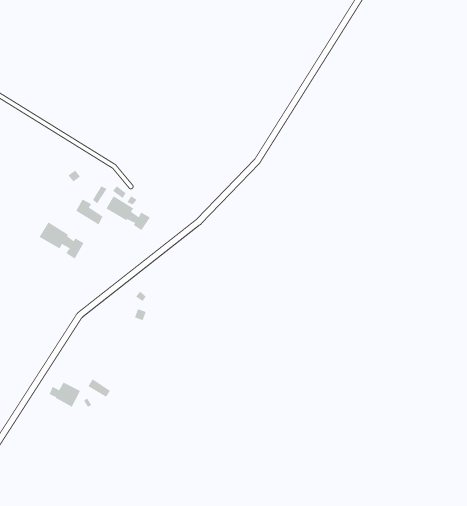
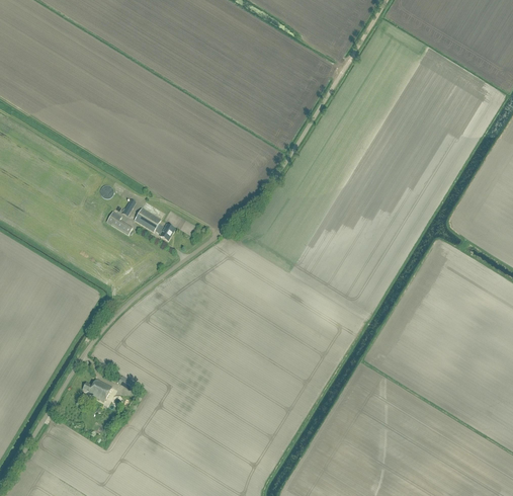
building: [39,222,84,260] -> none

